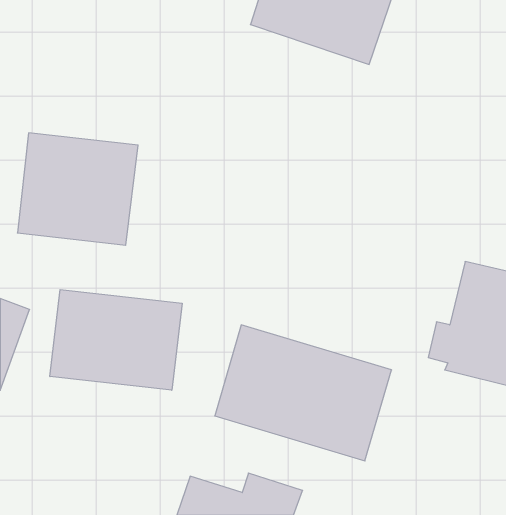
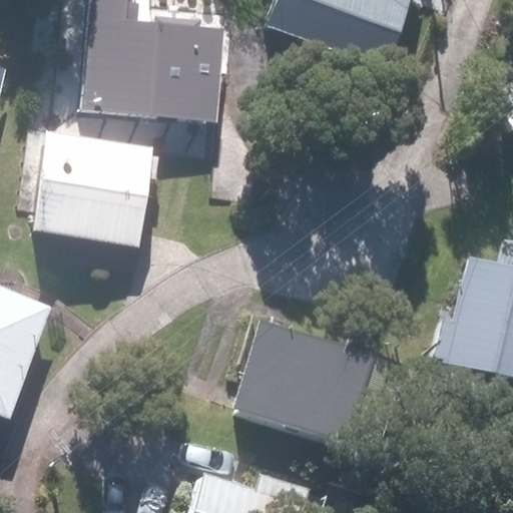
building: none -> [80,17,222,117]
building: [50,290,182,390] -> none

